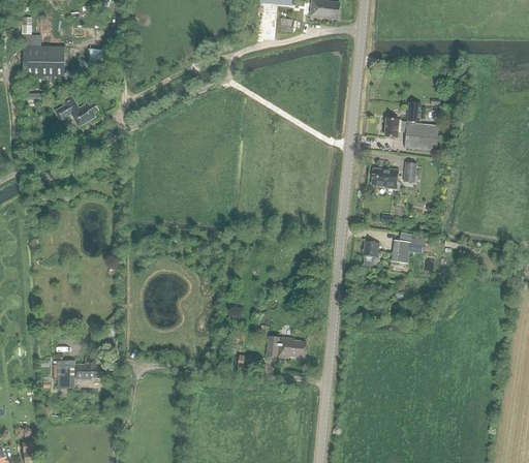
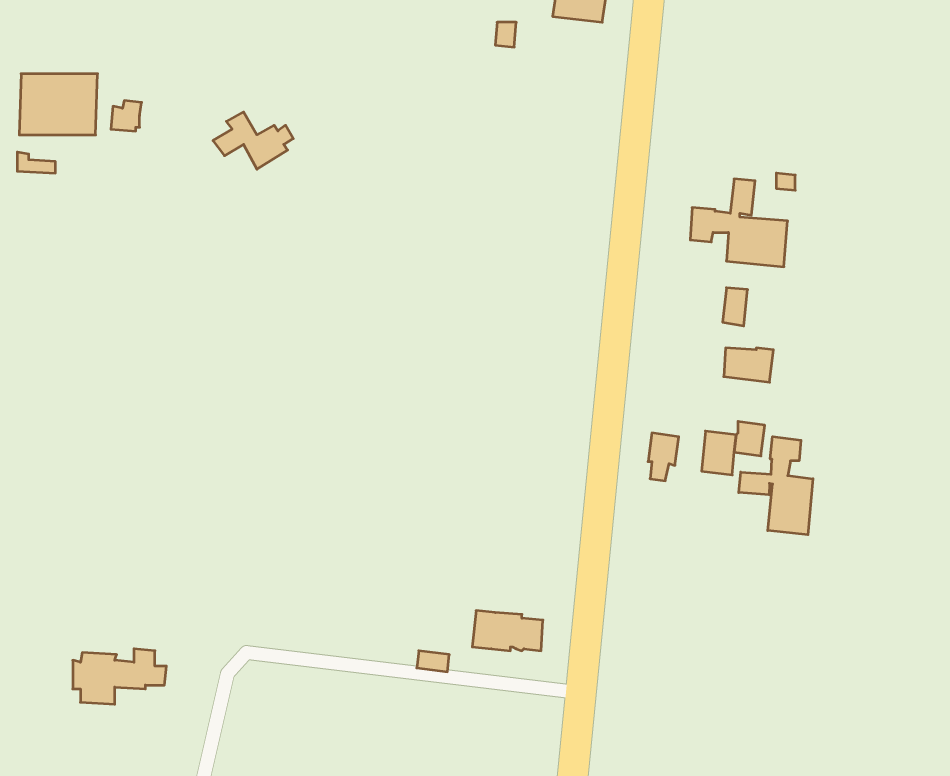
building: [54,95,97,126] -> [213,112,293,169]
building: [371,168,398,187] -> [724,348,773,382]
building: none -> [739,437,813,535]

